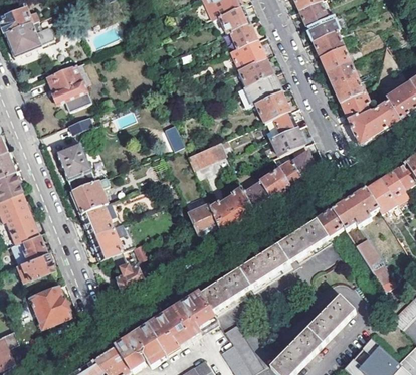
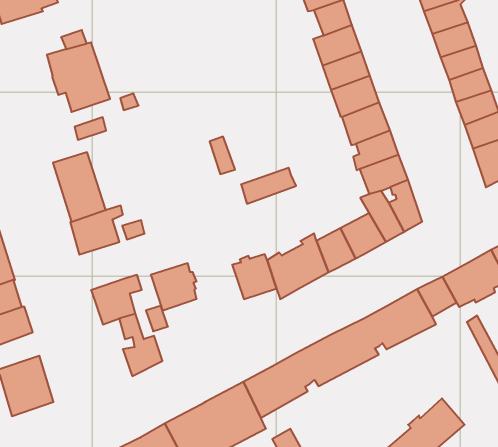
building: [80,202,114,236] -> [151,263,197,311]

